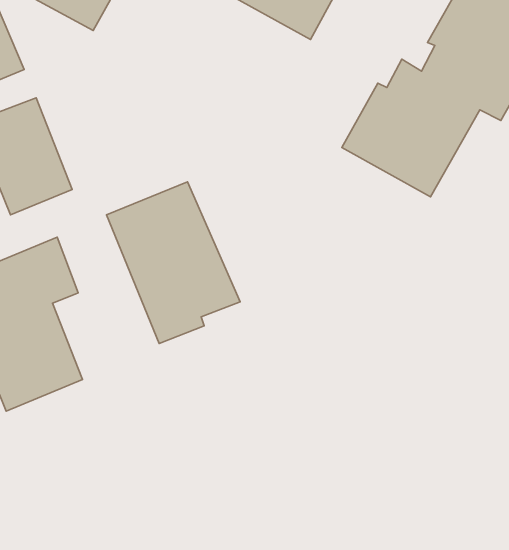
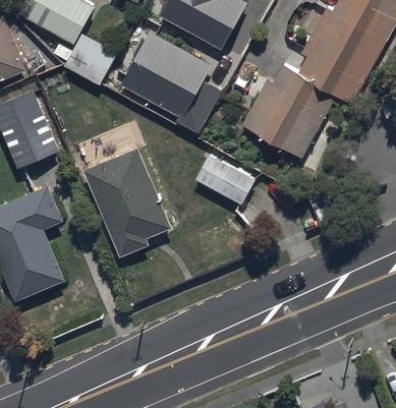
building: none -> [120,32,220,134]
building: none -> [65,33,117,83]
building: none -> [194,153,257,206]

